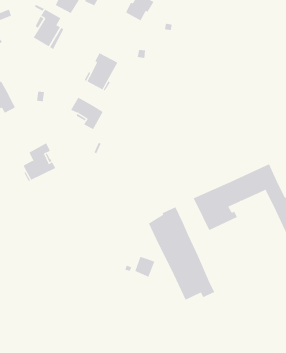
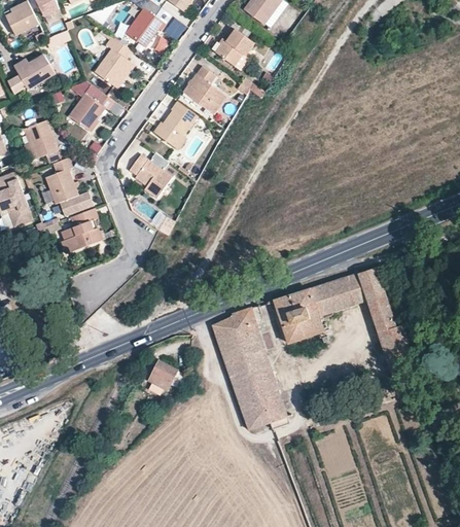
building: none -> [183,67,226,114]
building: none -> [70,84,114,130]
building: none -> [45,157,94,215]
building: [134,256,155,278] -> [148,360,176,389]

